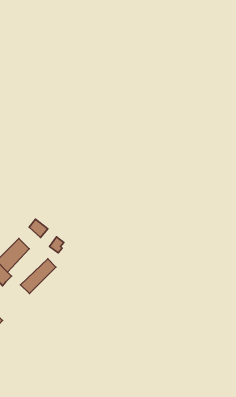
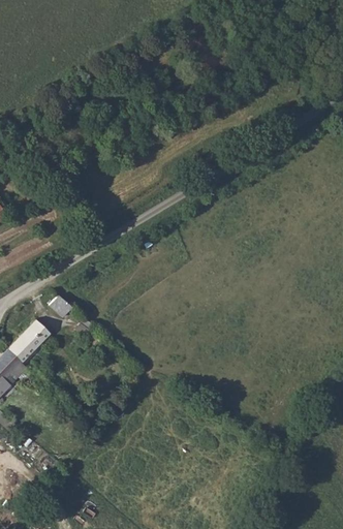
building: [21,259,56,294] -> none

